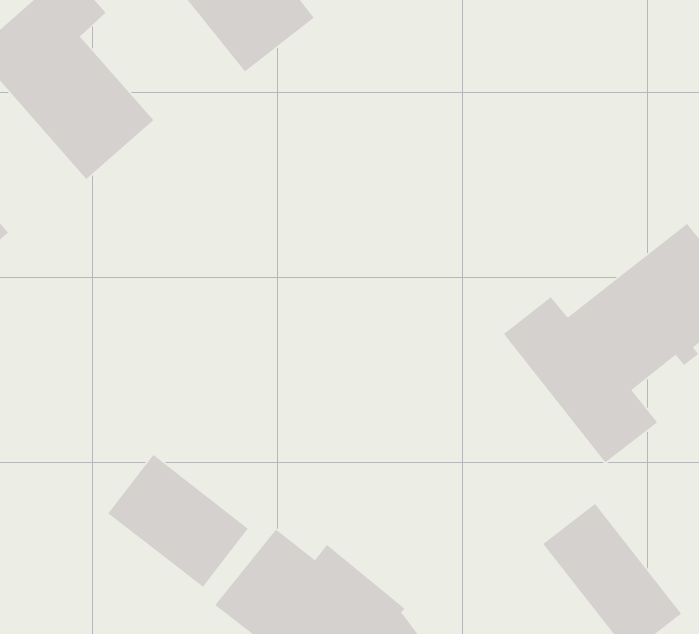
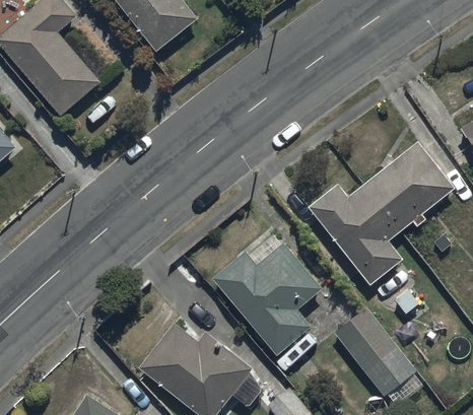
building: none -> [211,241,321,355]
building: [107,454,249,588] -> none

